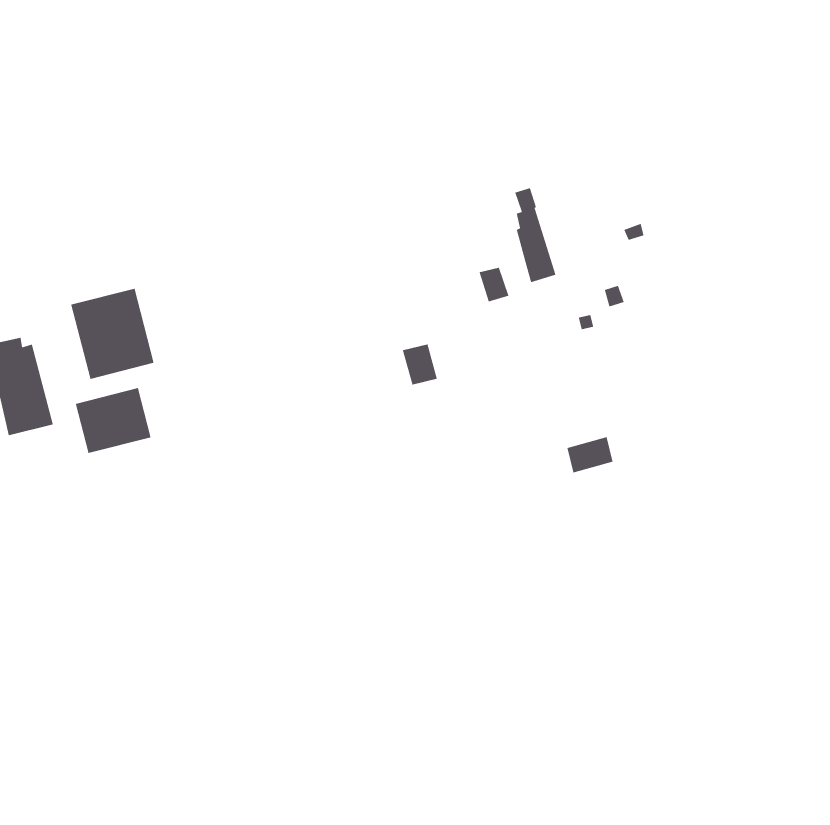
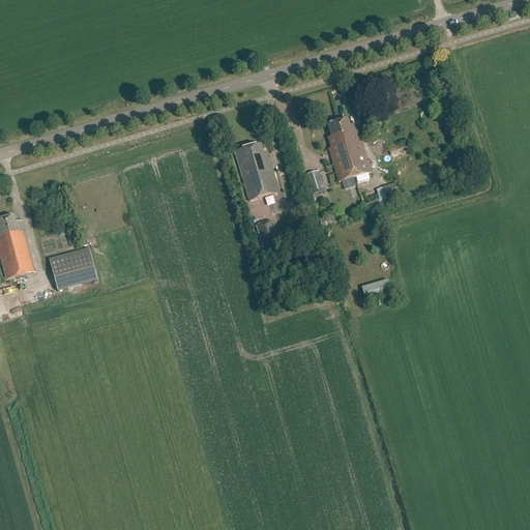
building: none -> [337,117,370,179]
building: none -> [234,142,278,199]
building: [70,288,155,380] -> none

